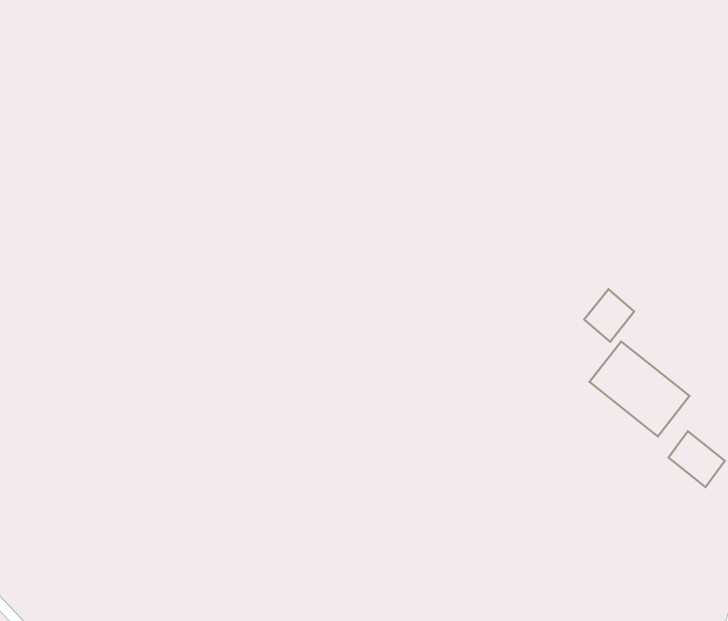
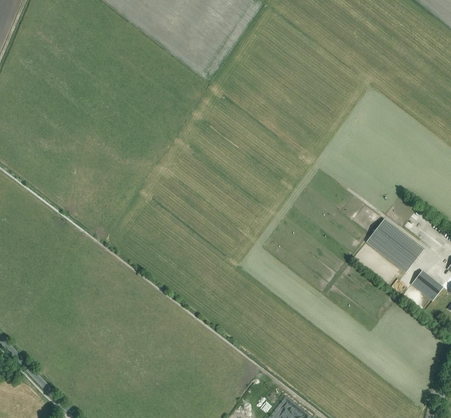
building: [584,289,634,342] -> none

